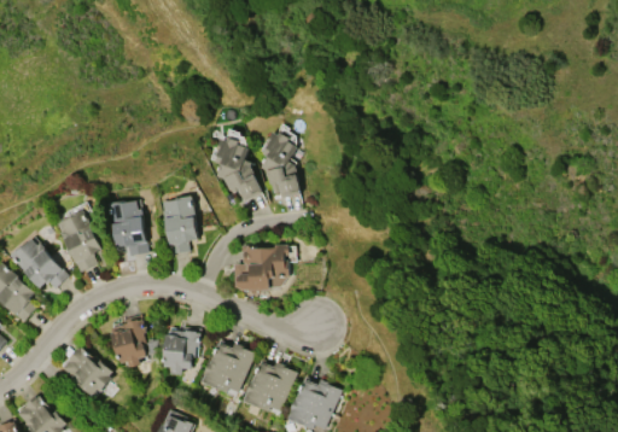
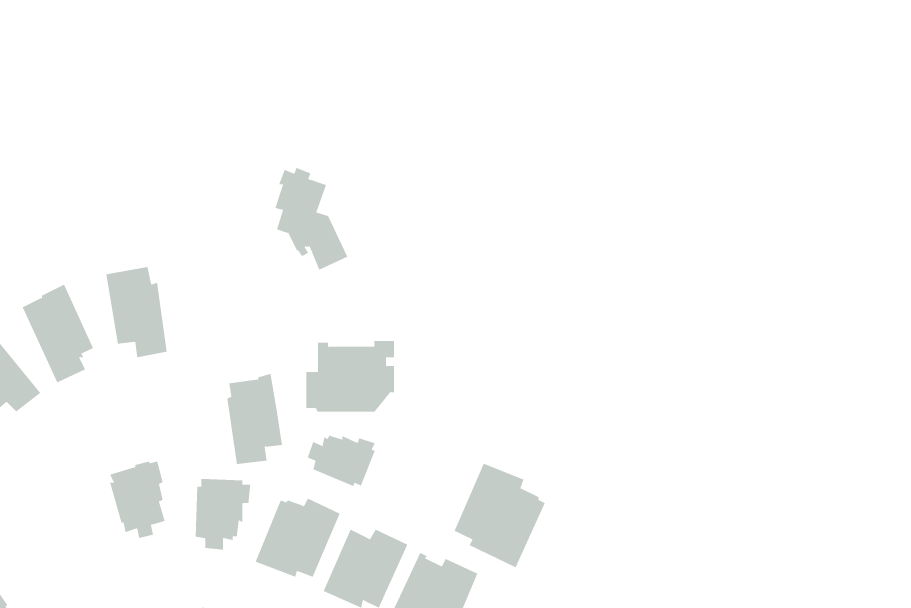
building: [258,132,299,198] -> none
building: [163,195,198,252] -> [227,373,283,465]
building: none -> [307,435,376,487]
building: none -> [454,463,546,568]
building: [62,348,111,395] -> none

